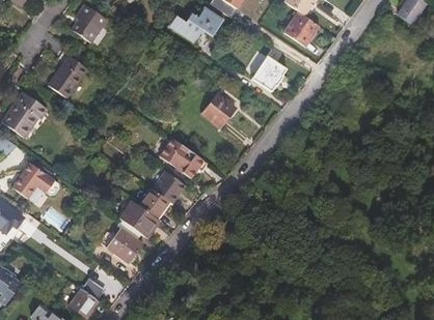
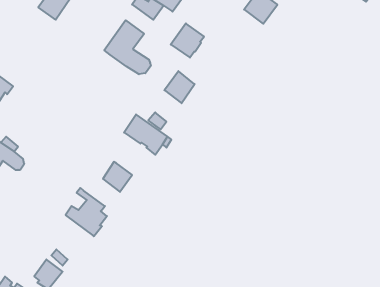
building: none -> [104,20,151,74]
building: [49,55,86,96] -> none
building: [251,56,286,91] -> [171,23,204,58]
building: [153,171,185,203] -> none
building: [119,200,158,237] -> none

